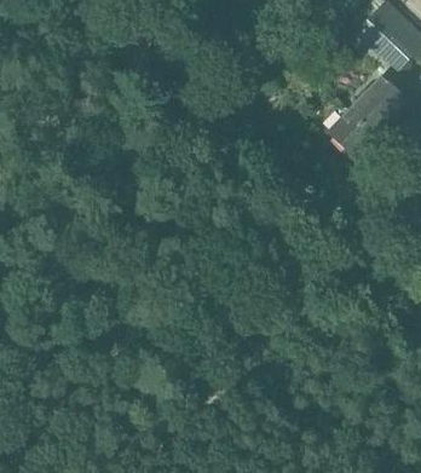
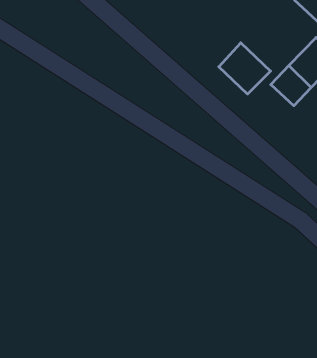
building: none -> [219,43,271,94]

